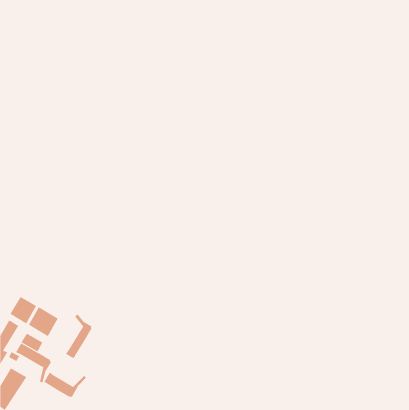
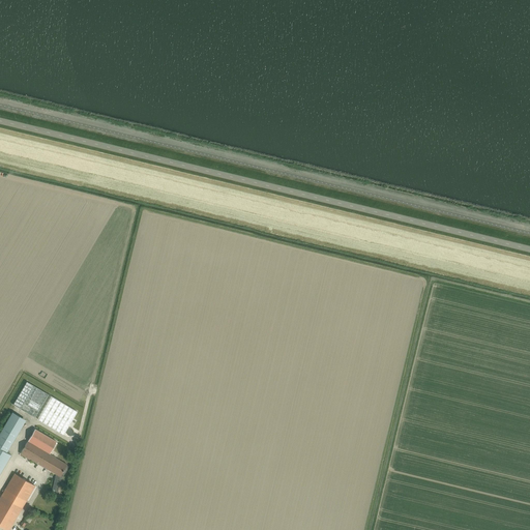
building: [65,313,93,359] -> none
building: [43,372,87,398] -> none

